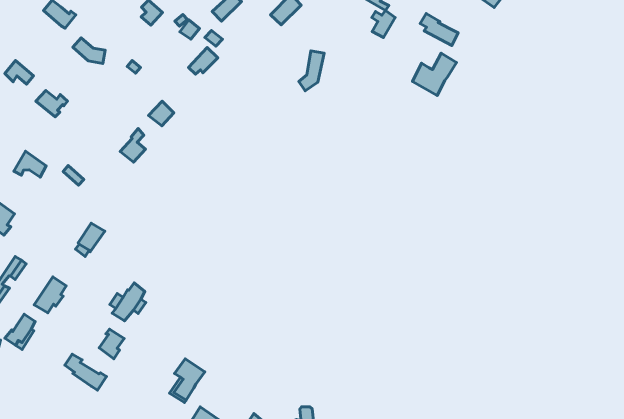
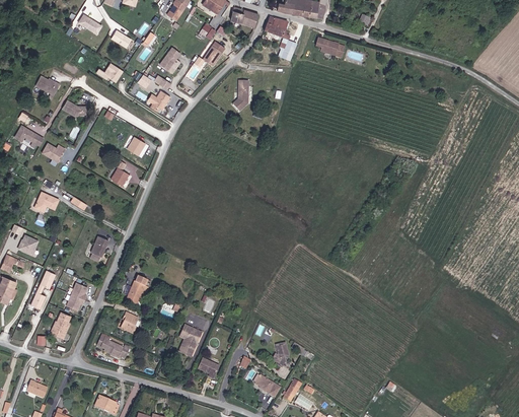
building: [412,53,456,96] -> none

